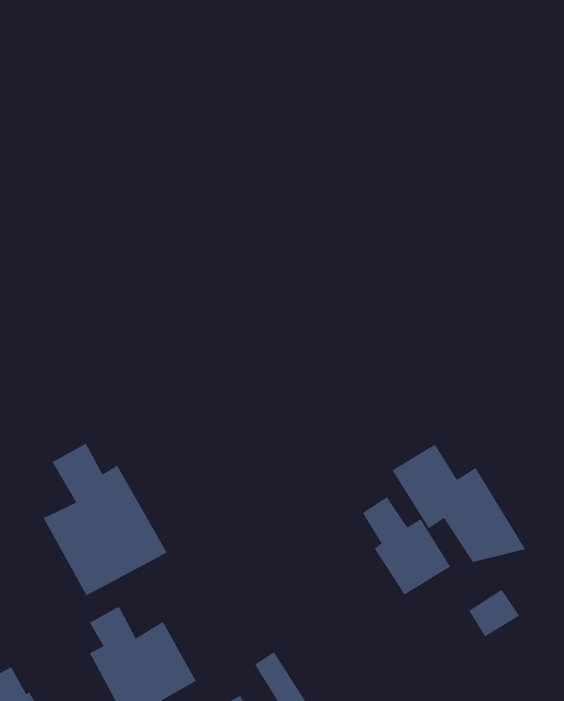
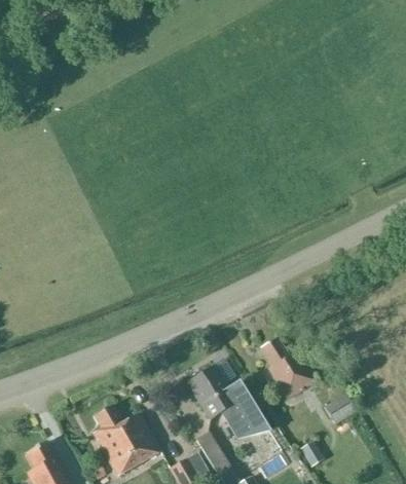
building: [43,443,168,597] -> none
building: [392,443,526,563] -> [188,367,270,440]

